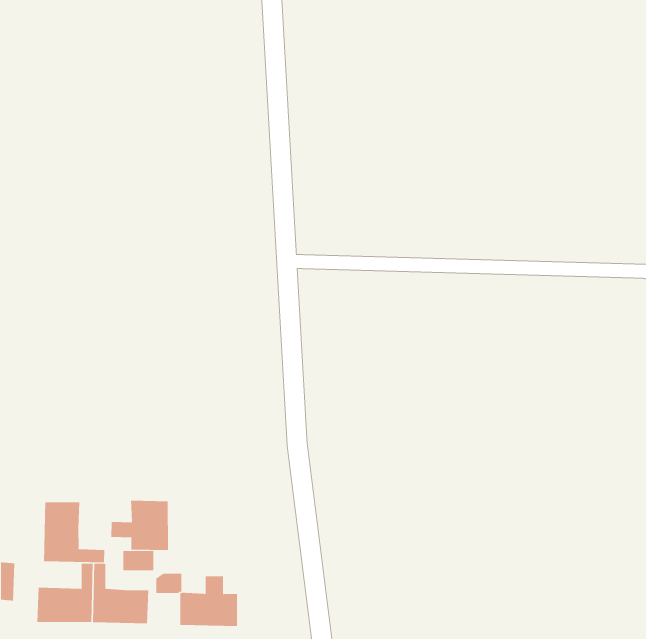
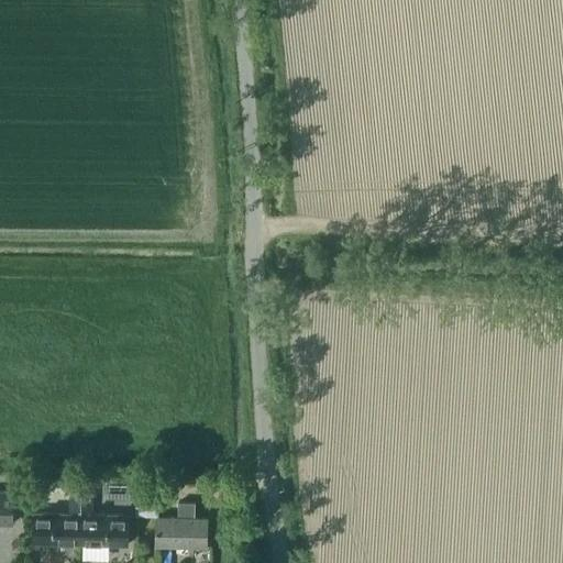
building: [111,500,168,551] -> none
building: [44,502,105,563] -> none

